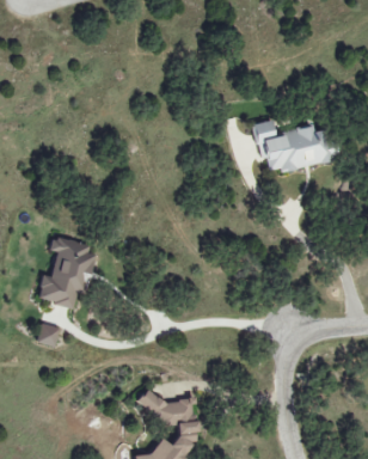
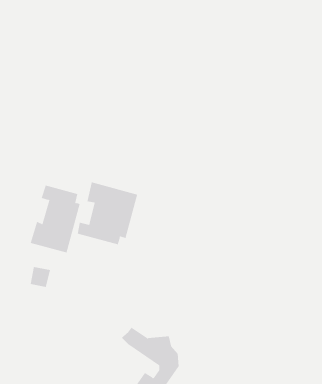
building: [256,120,339,172] -> none
building: none -> [77,182,138,245]

